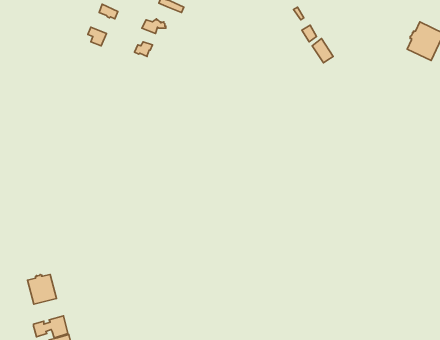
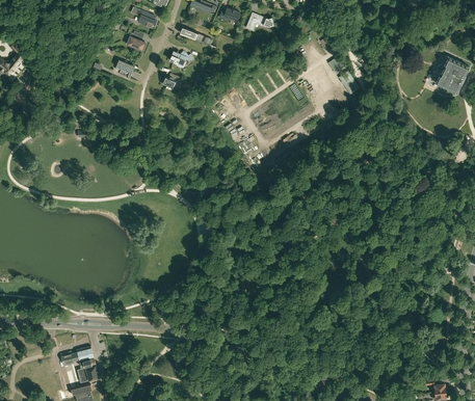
building: [28,274,57,304] -> none

